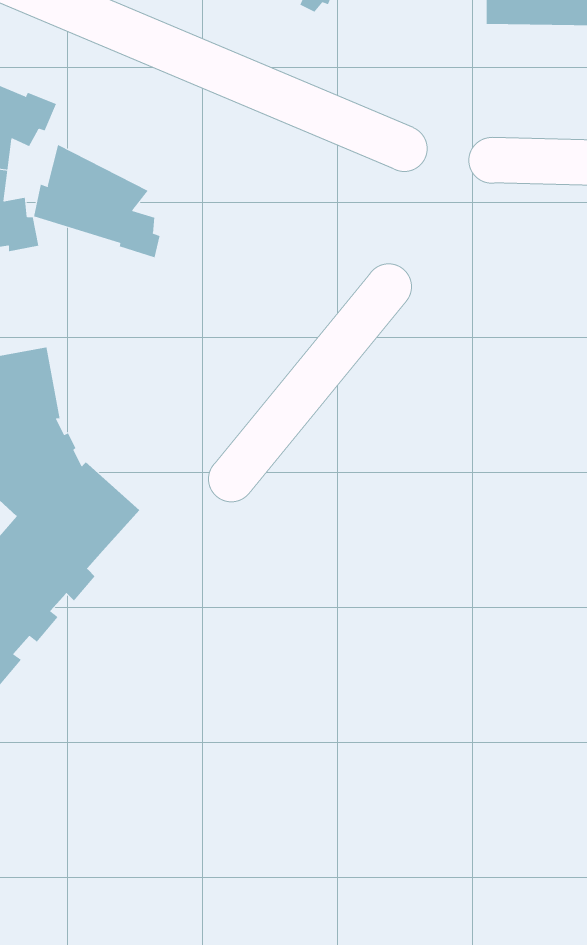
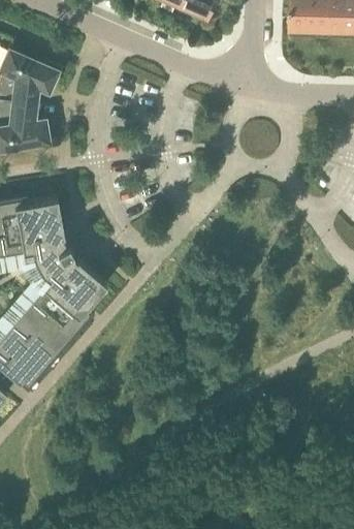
building: [33,144,160,258] -> none

